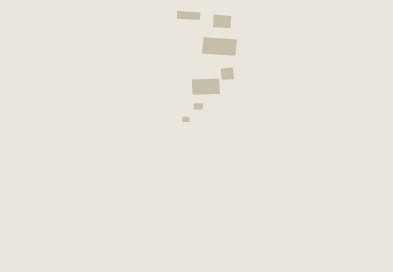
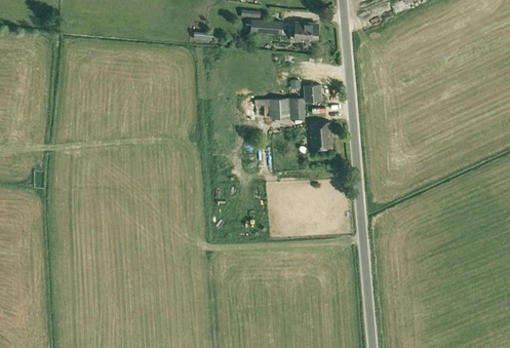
building: [201,37,238,57] -> none
building: none -> [310,123,334,151]

